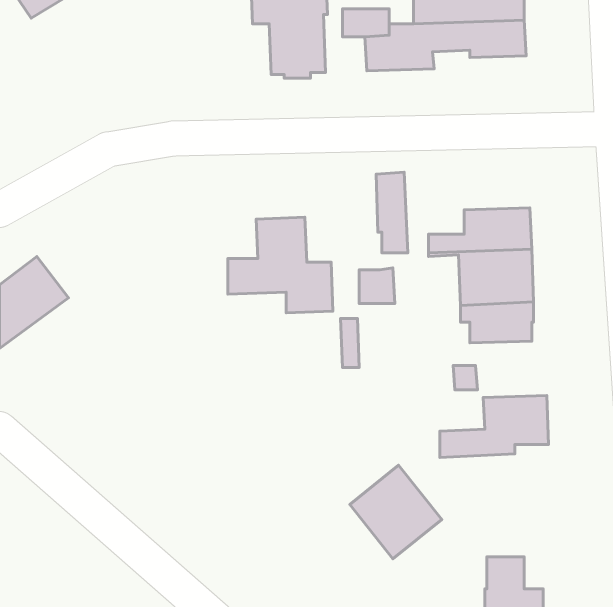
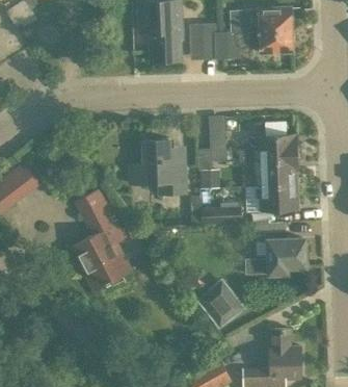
building: none -> [72,189,130,291]
building: none -> [200,206,240,225]

